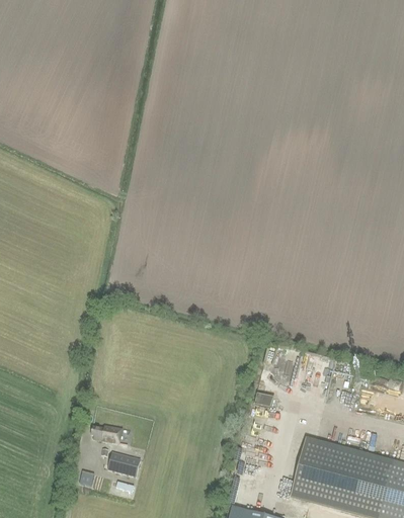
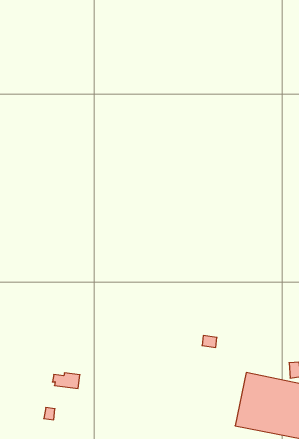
building: [105,448,139,473] -> none

